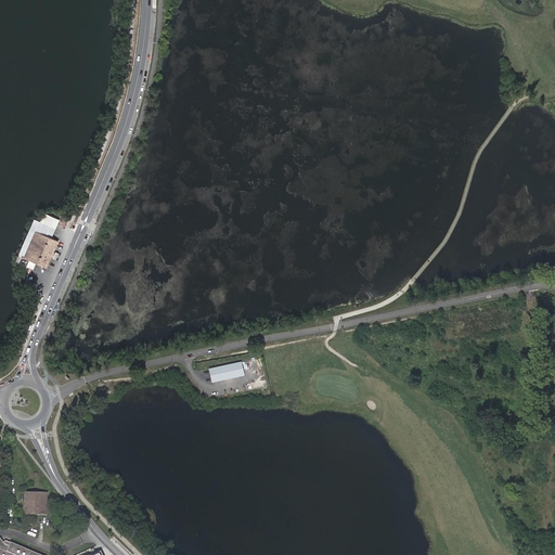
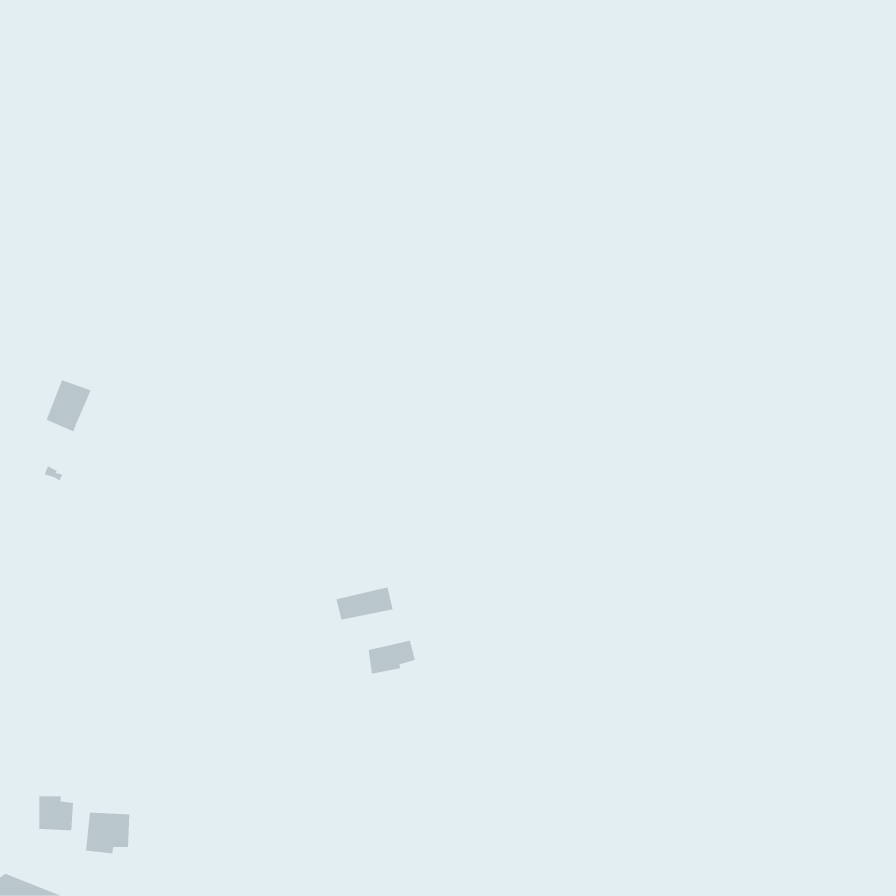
building: none -> [368,640,415,675]
building: none -> [85,812,130,854]

